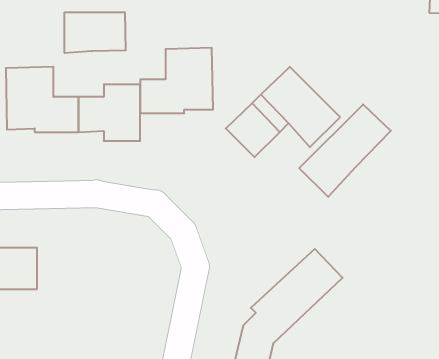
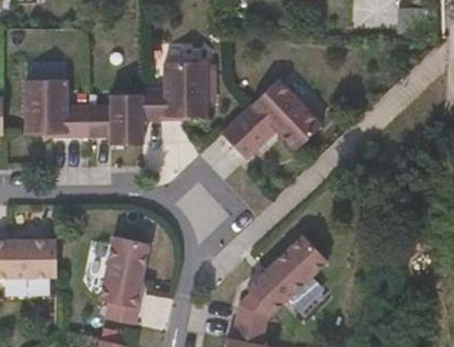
building: [65,12,126,53] -> none
building: [299,104,391,197] -> none
building: none -> [98,238,148,327]

